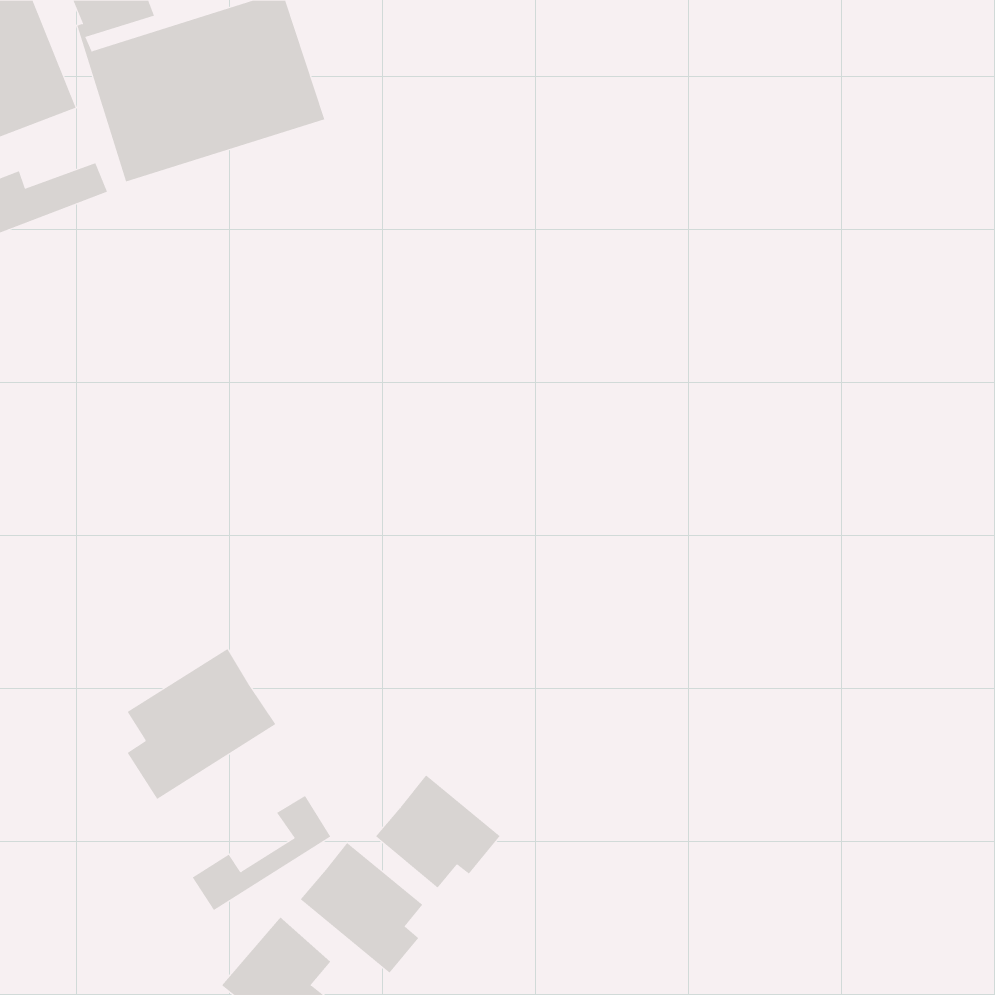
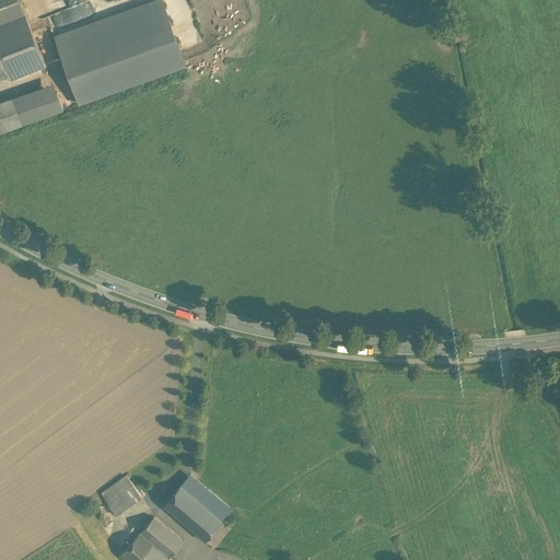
building: [127,648,276,800] -> none
building: [375,774,500,889] -> none

